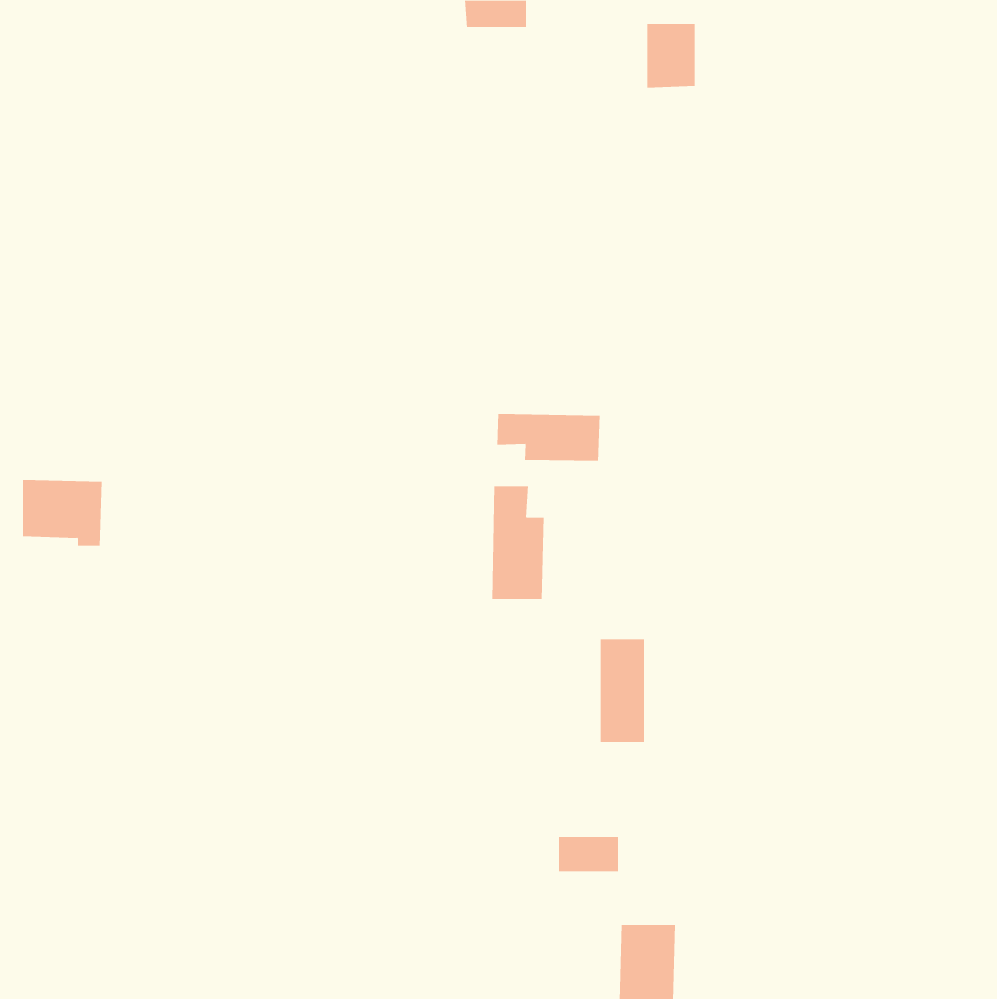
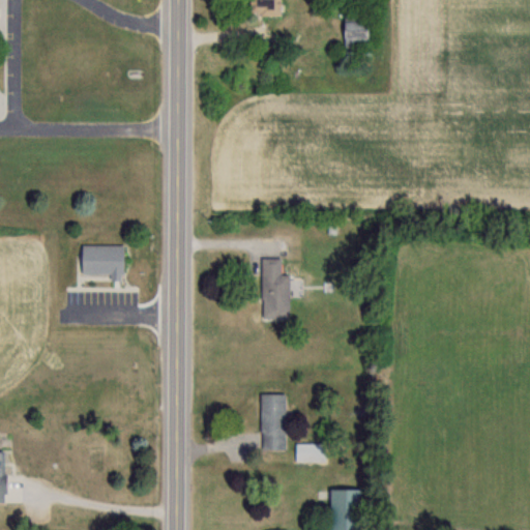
building: [497,413,600,461] -> none
building: [22,480,103,546] -> [82,245,124,281]
building: [600,639,645,743] -> [262,394,286,449]

